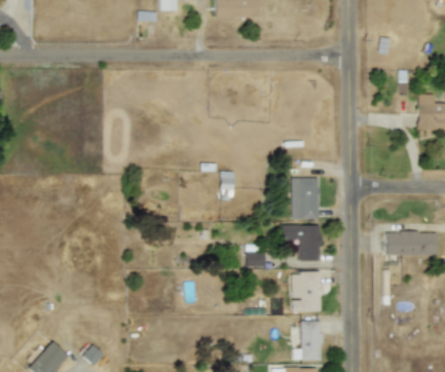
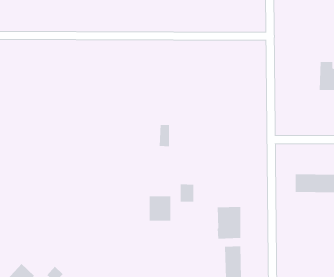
building: [291,178,319,220] -> none
building: [283,225,321,261] -> none
building: none -> [149,196,171,222]

